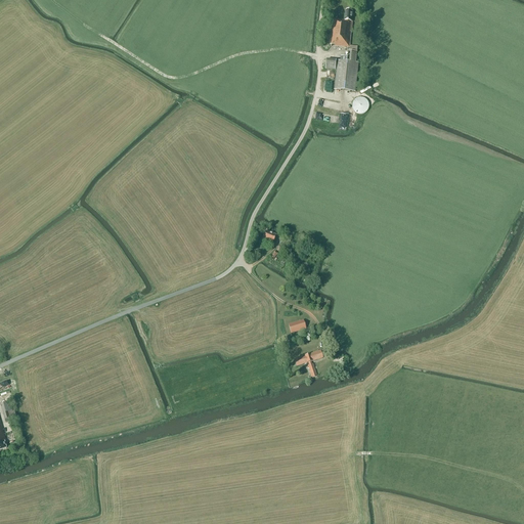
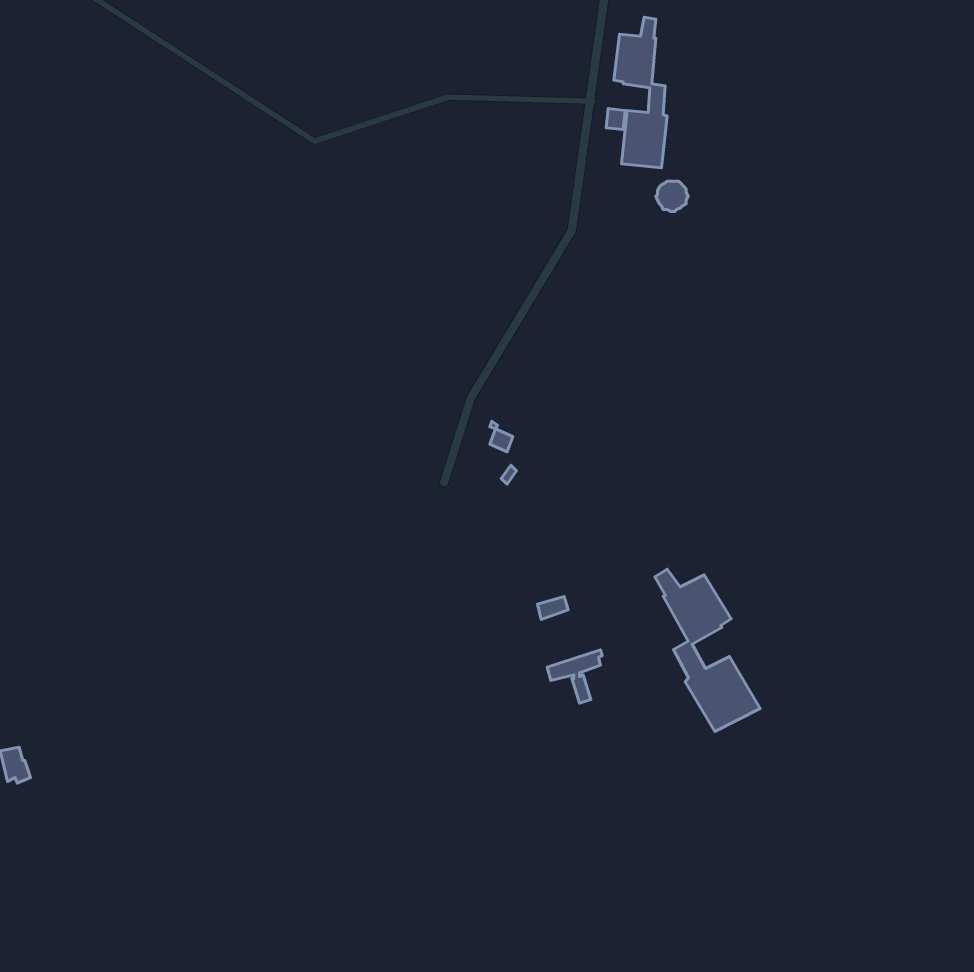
building: none -> [655,569,760,732]

